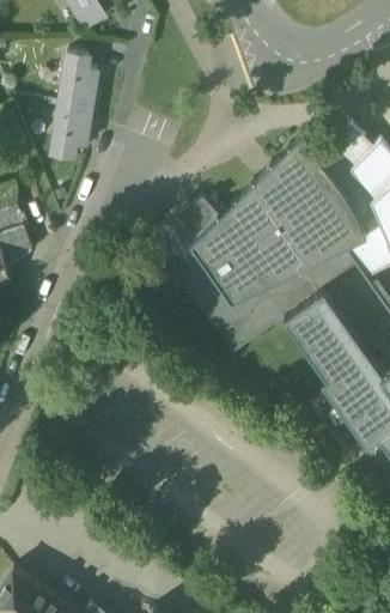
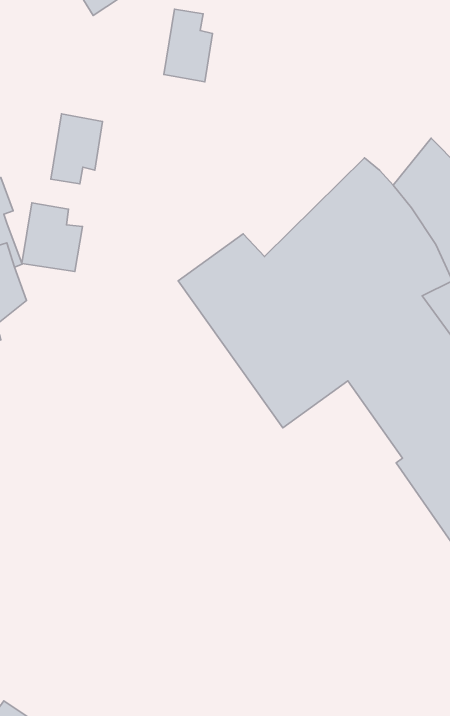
building: [59,57,97,115] -> [164,9,212,82]
building: none -> [22,203,82,271]

